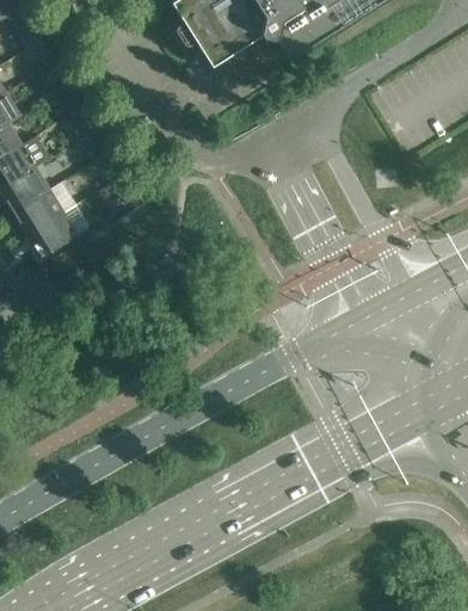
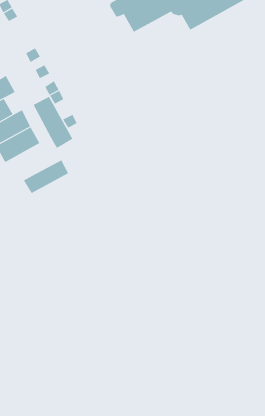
building: none -> [33,96,73,149]
building: none -> [23,159,69,194]

